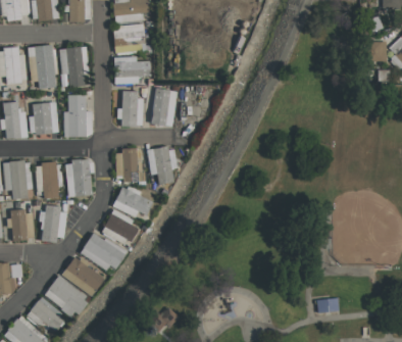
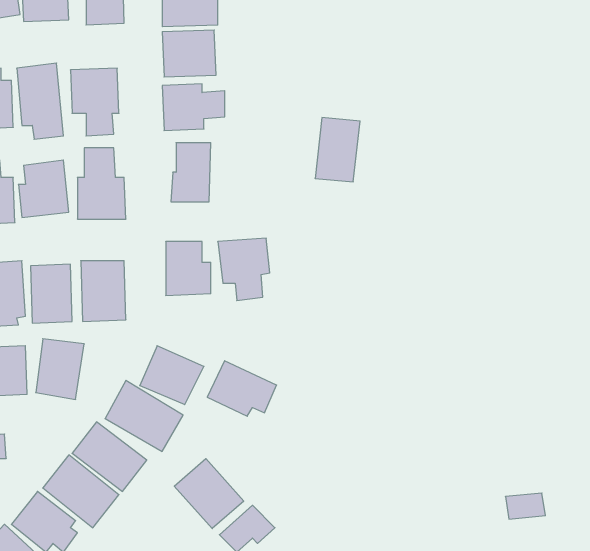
building: [151,88,178,126] -> [315,118,360,182]
building: [112,185,153,217] -> [207,361,277,416]
building: none -> [174,459,244,529]

